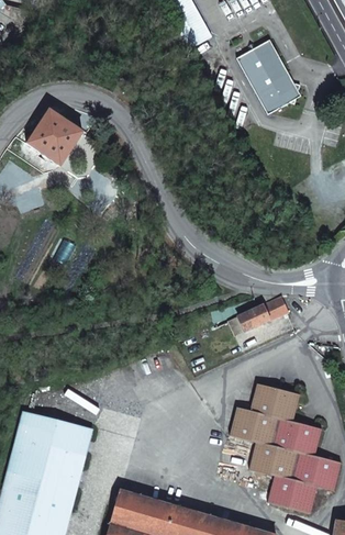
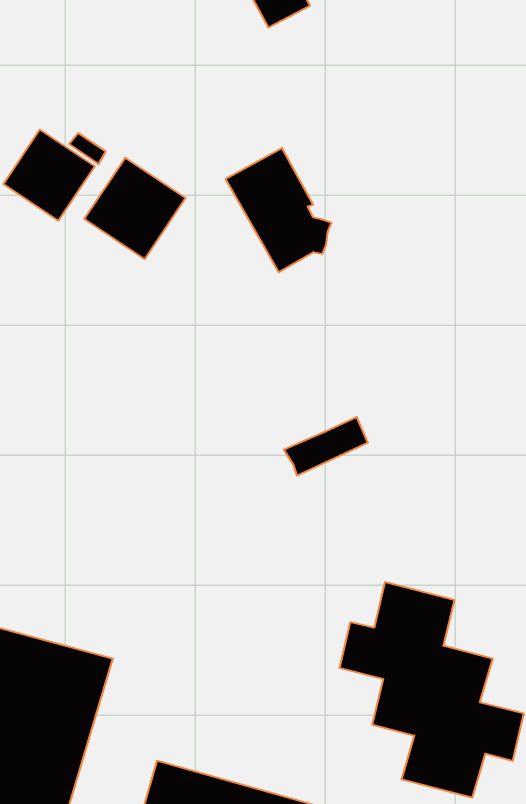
building: [236,40,300,114] -> [226,148,332,272]
building: none -> [84,158,186,259]
building: [237,297,288,332] -> [284,417,368,475]

